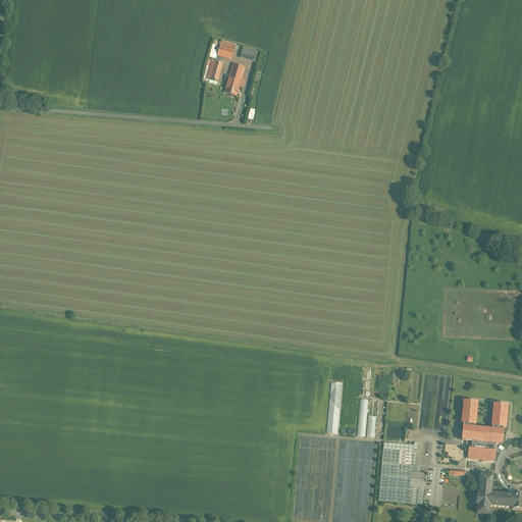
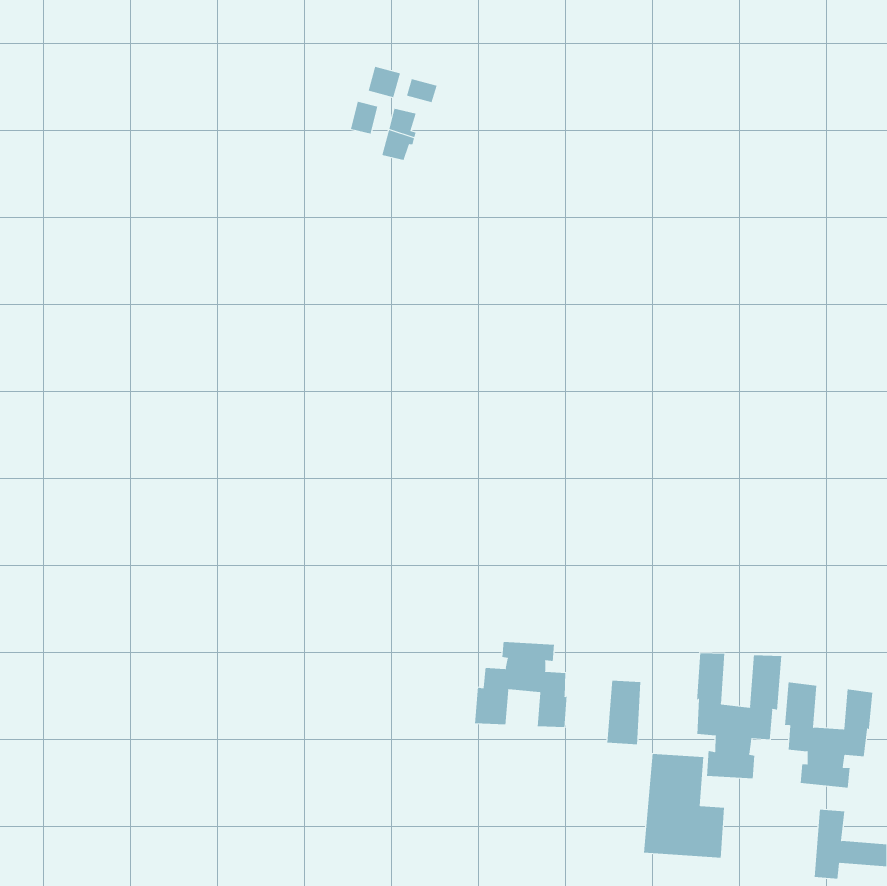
building: none -> [474,641,567,728]
building: none -> [697,653,782,779]

